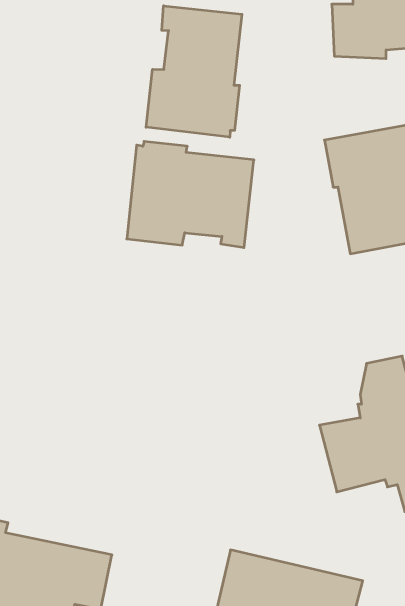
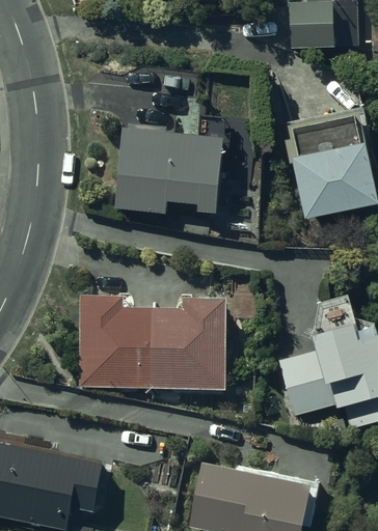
building: [146,6,242,137] -> none
building: none -> [82,294,227,384]

